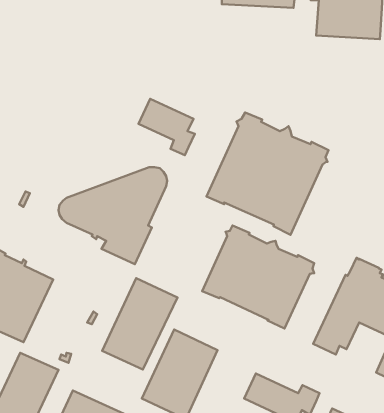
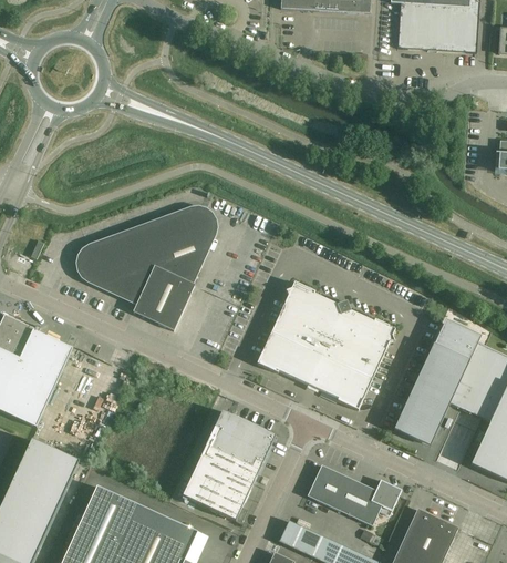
building: [138,99,195,155] -> none
building: [206,113,328,235] -> none
building: [102,278,177,369] -> none

